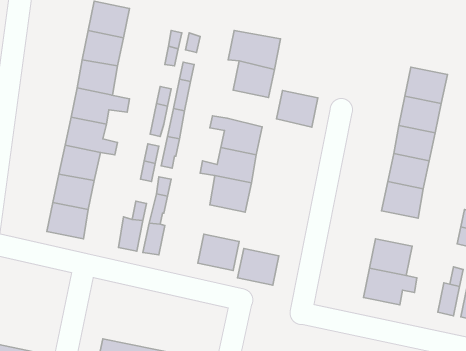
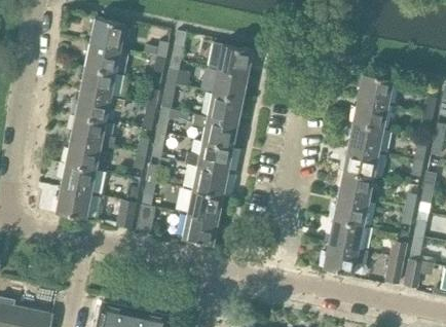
building: [277,91,318,127] -> [208,94,243,124]
building: none -> [333,195,369,225]
building: [238,249,279,285] -> [188,190,223,221]

